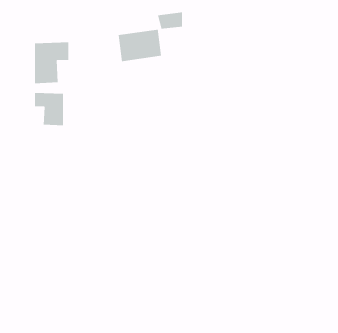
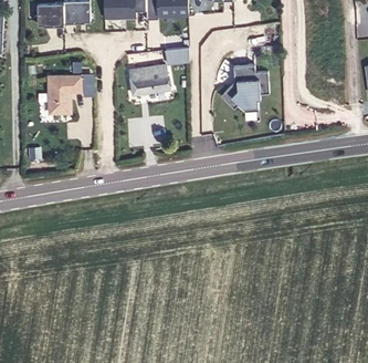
building: none -> [219,66,266,113]
building: [34,92,63,126] -> none

